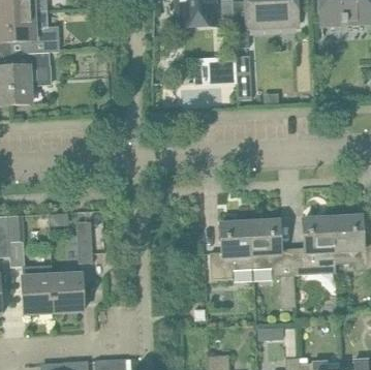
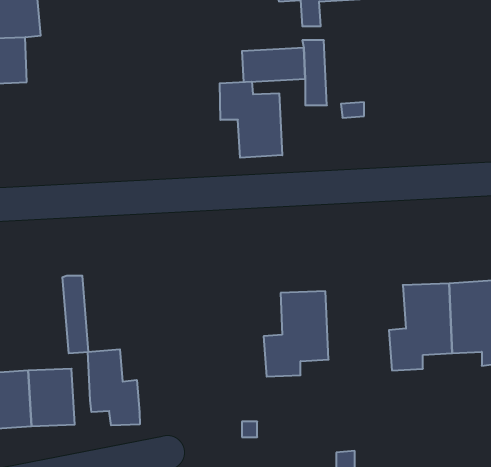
building: none -> [220,82,282,158]
building: [250,219,296,301] -> none
building: none -> [88,349,140,425]

